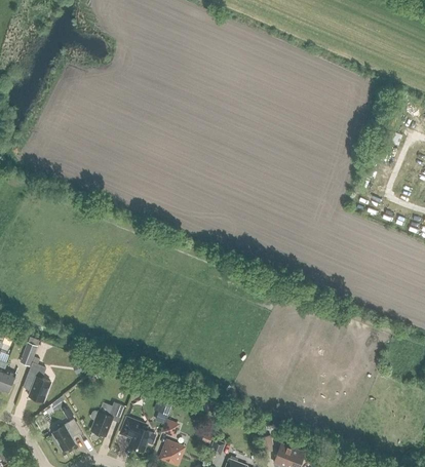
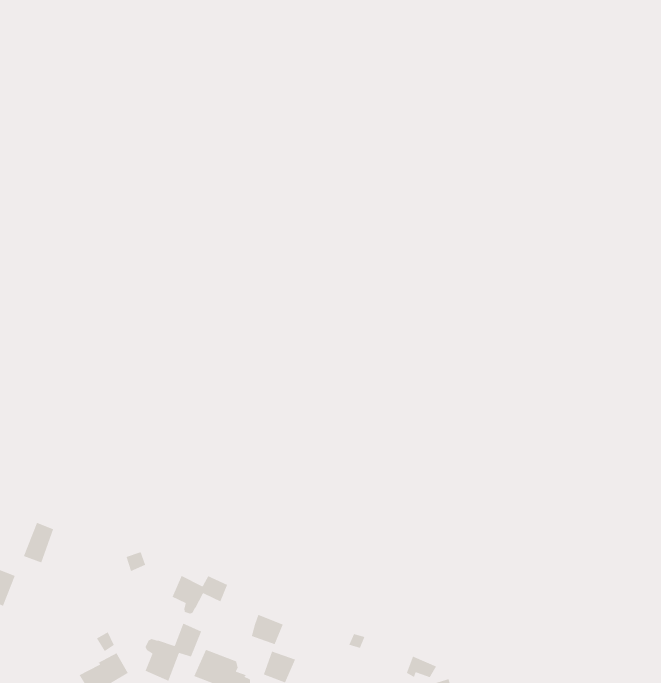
building: [27,363,50,402] -> none
building: none -> [171,575,228,614]

